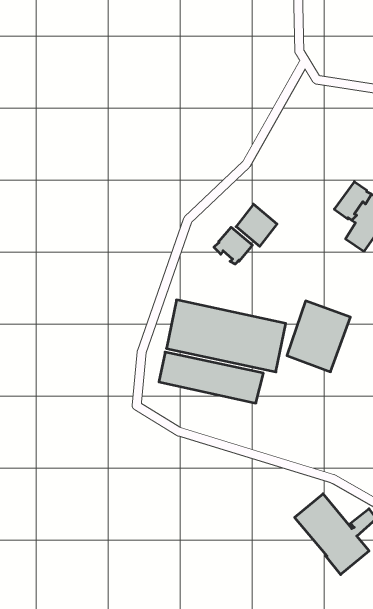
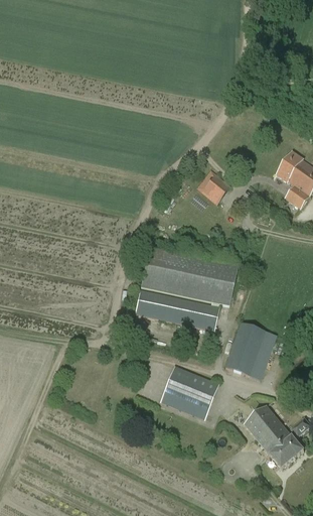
building: [214,227,252,264] -> none
building: [287,301,350,372] -> [224,322,276,380]
building: none -> [159,366,218,419]

